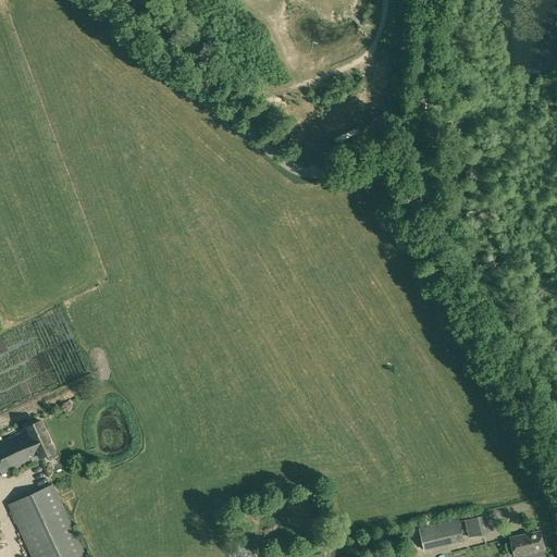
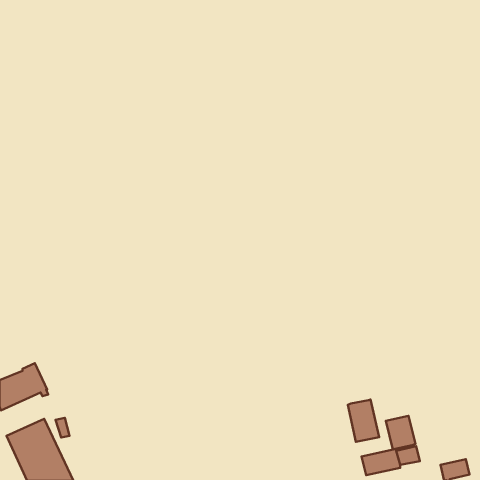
building: none -> [348,399,379,442]
building: none -> [386,416,415,450]

